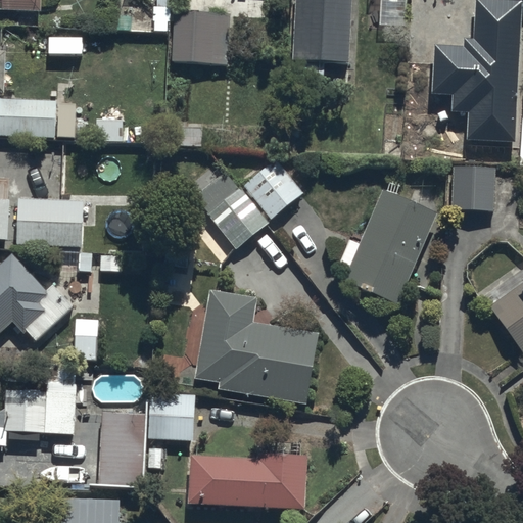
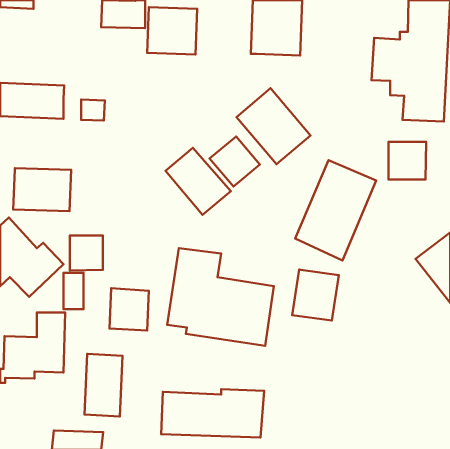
building: none -> [237,88,310,164]
building: none -> [70,236,103,271]
building: none -> [292,270,339,321]
building: [148,391,194,440] -> [109,288,149,330]

